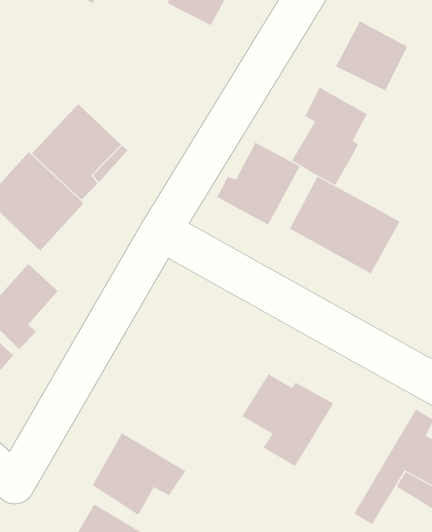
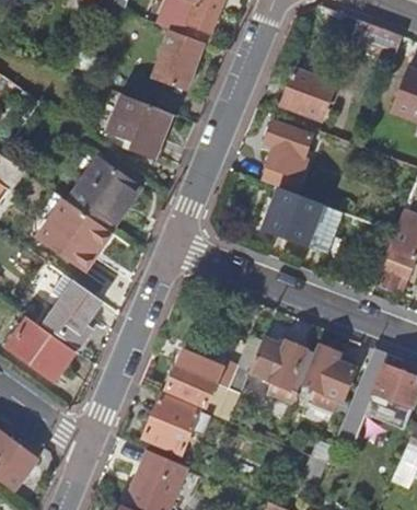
building: none -> [103,91,173,161]
building: [217,142,301,226] -> none
building: none -> [167,350,239,418]
building: none -> [304,348,355,410]

